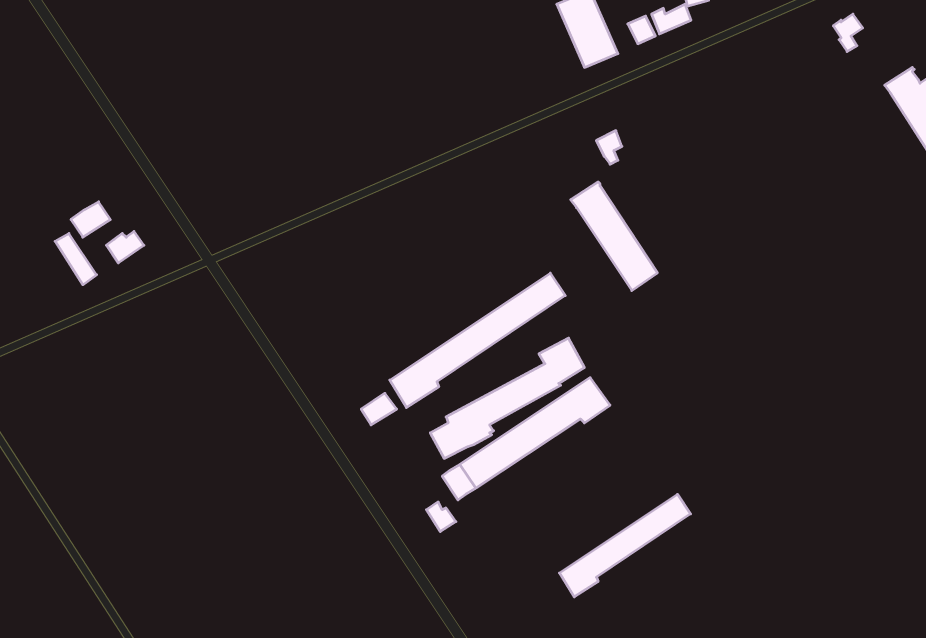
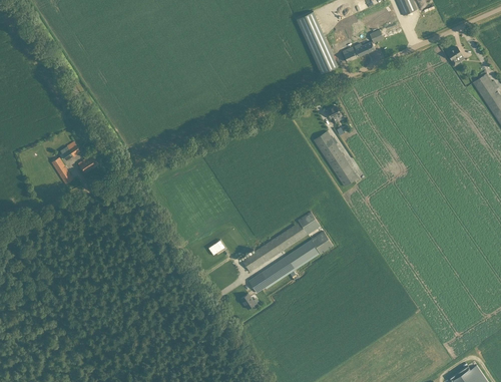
building: [390,273,565,408] -> none
building: [559,494,691,597] -> none

